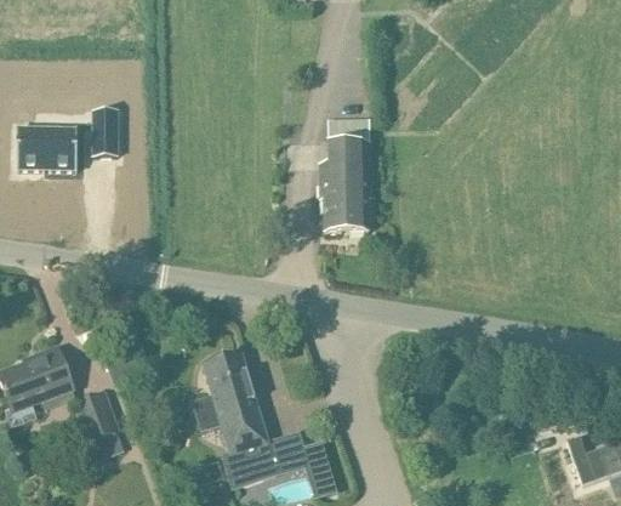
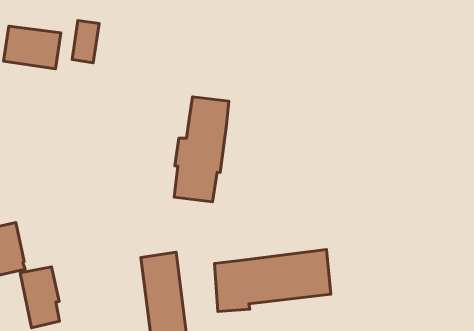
building: [320,116,372,233] -> [174,97,229,202]
building: none -> [214,250,331,312]

